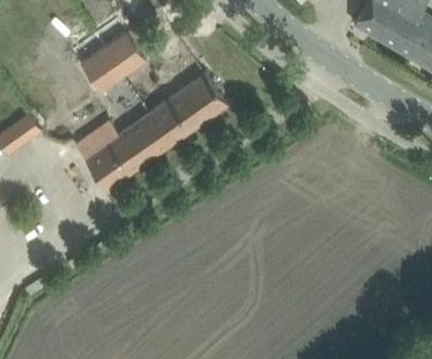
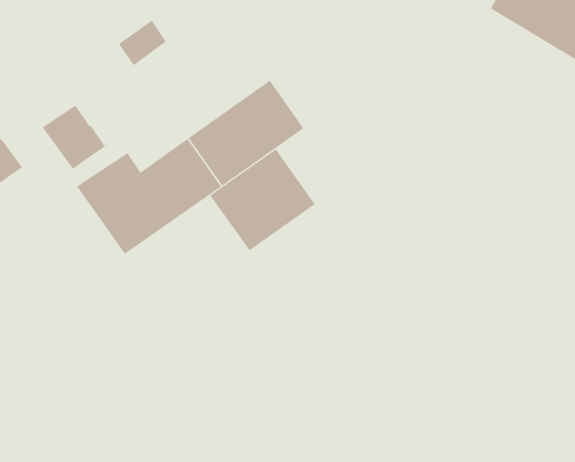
building: [81,49,127,93] -> [42,105,110,170]
building: none -> [210,148,316,251]

